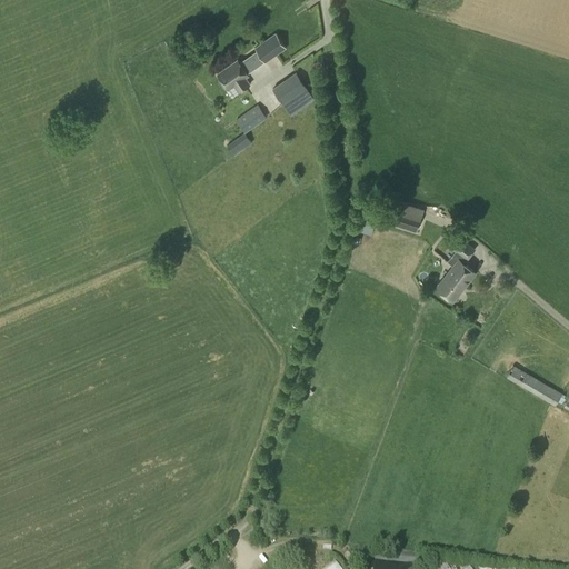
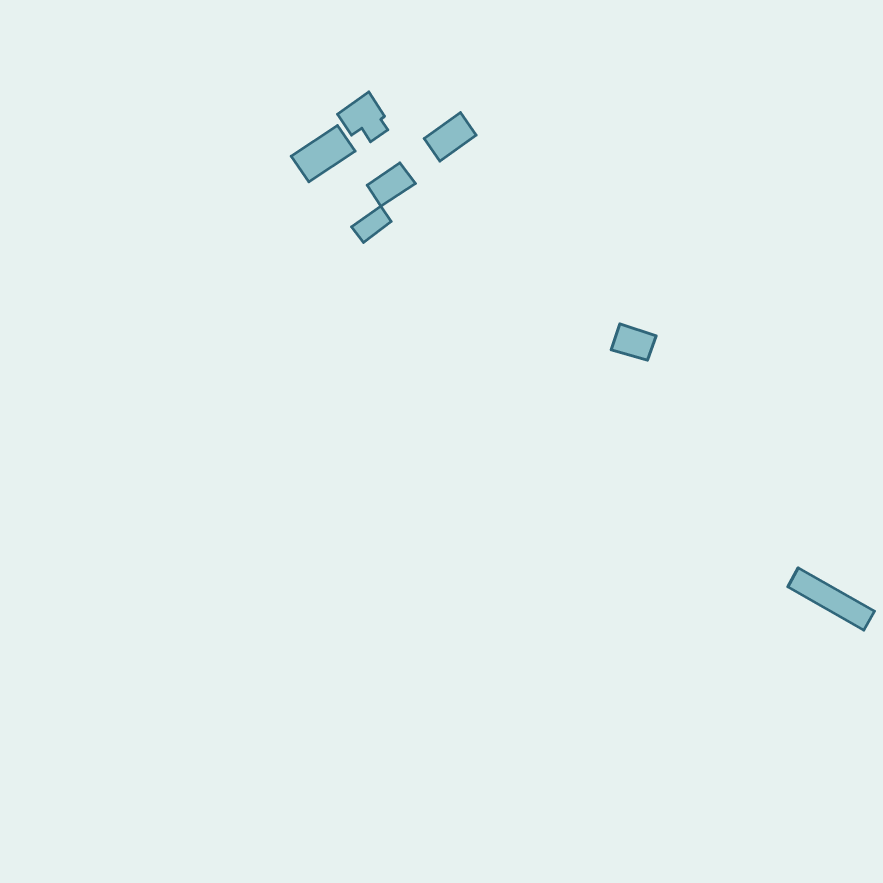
building: [254,34,284,63] -> none
building: none -> [291,125,355,182]
building: [436,237,473,299] -> none

